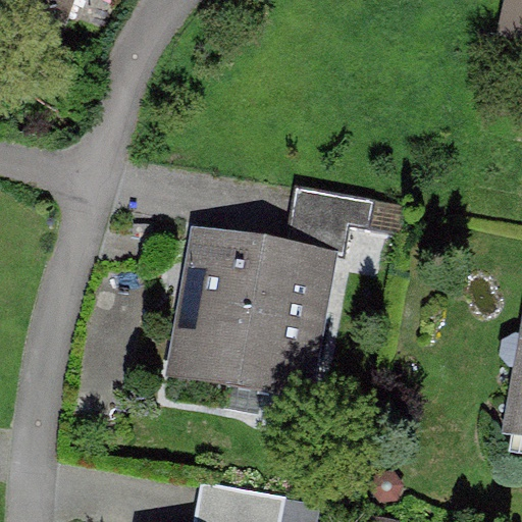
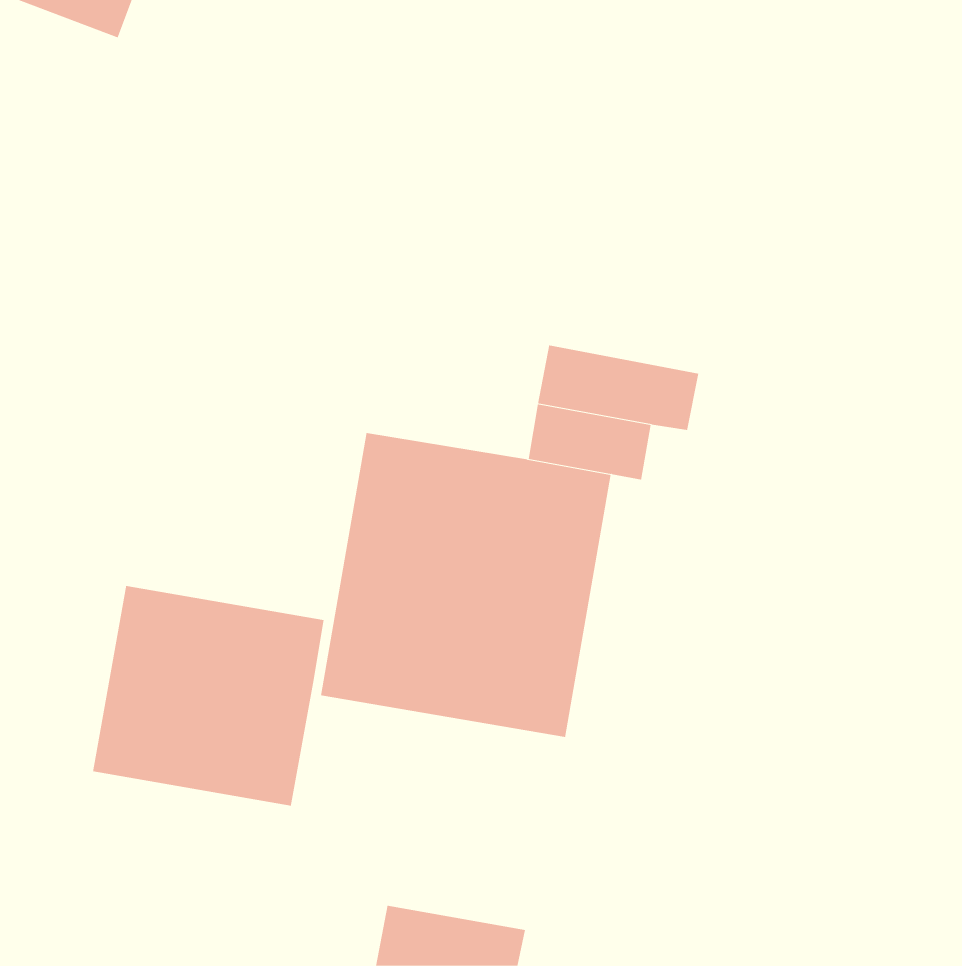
building: none -> [93,585,324,806]

